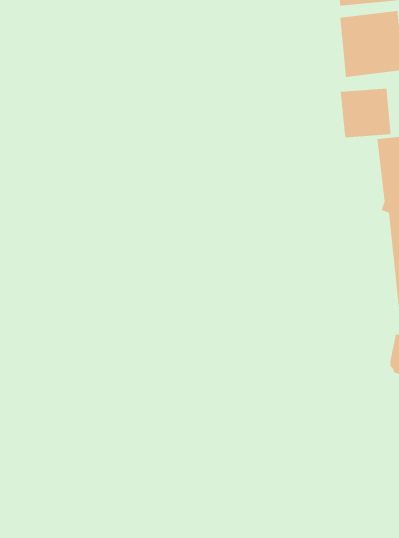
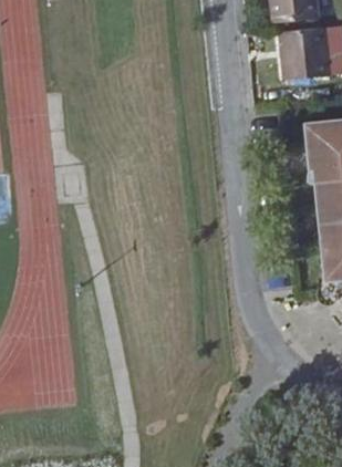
building: [340,88,391,138] -> none

